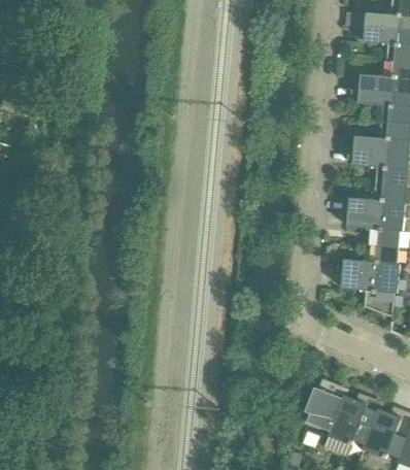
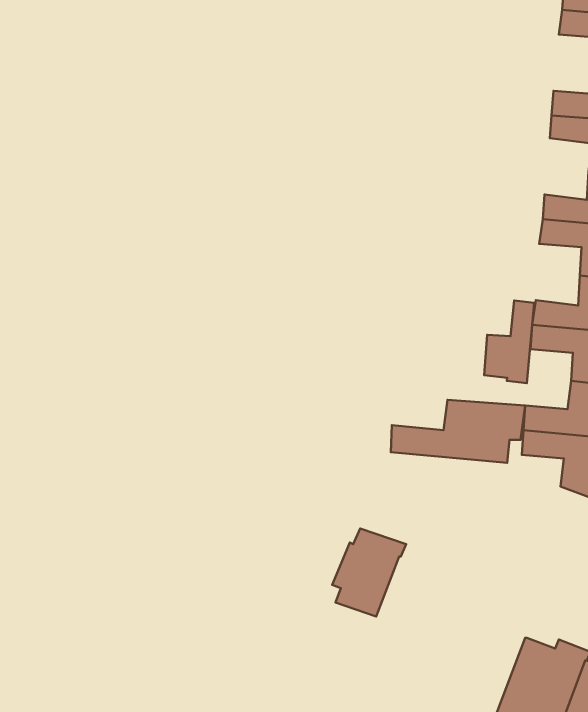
building: none -> [484,300,534,383]
building: none -> [391,400,525,463]
building: [304,378,347,430] -> [332,528,406,616]

